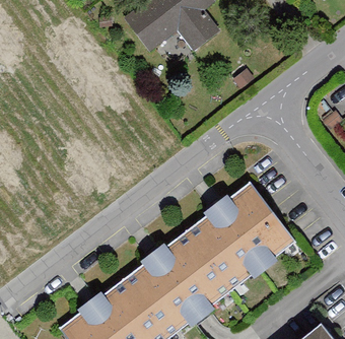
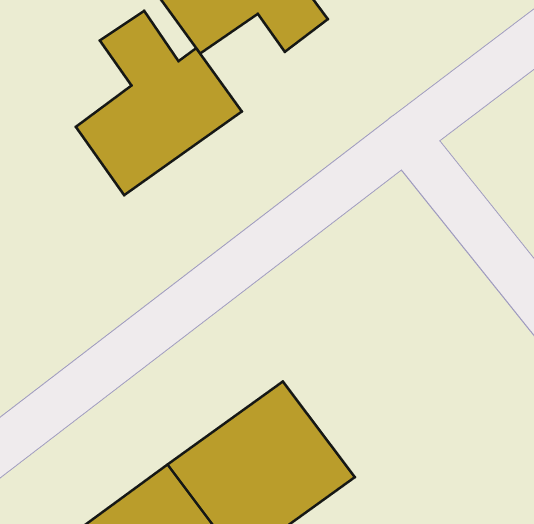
building: none -> [76,11,242,195]
building: [193,189,294,288] -> none

